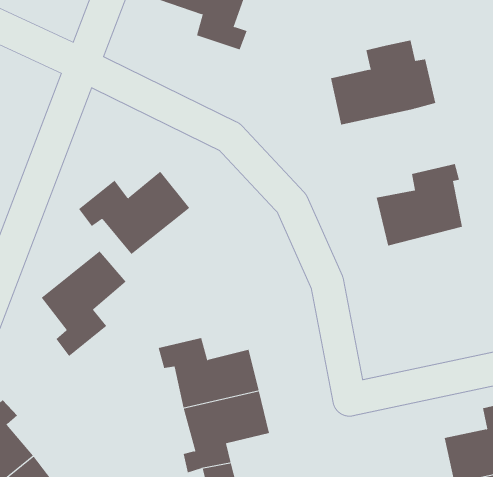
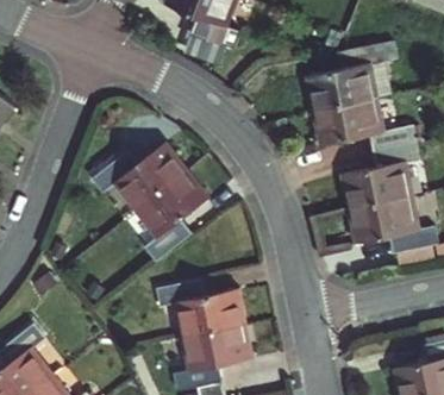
building: none -> [307,95,400,148]
building: none -> [345,190,425,245]
building: [41,251,126,357] -> [138,175,207,261]

